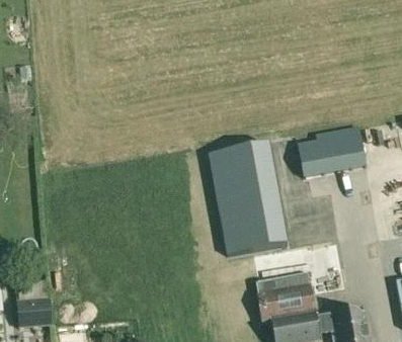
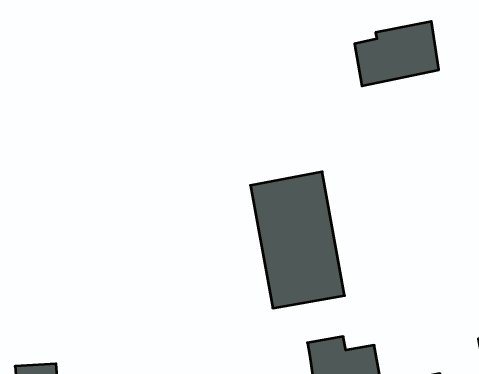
building: [298,123,367,176] -> [355,21,439,86]

